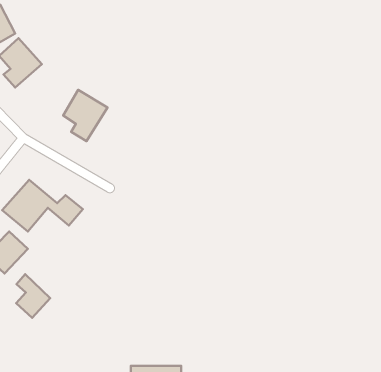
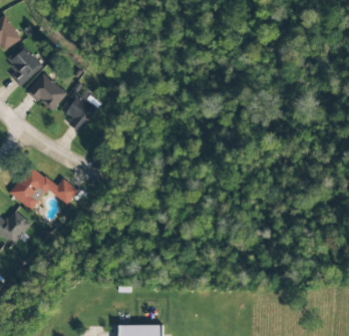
building: none -> [28,73,67,111]
building: [16,274,50,318] -> none

